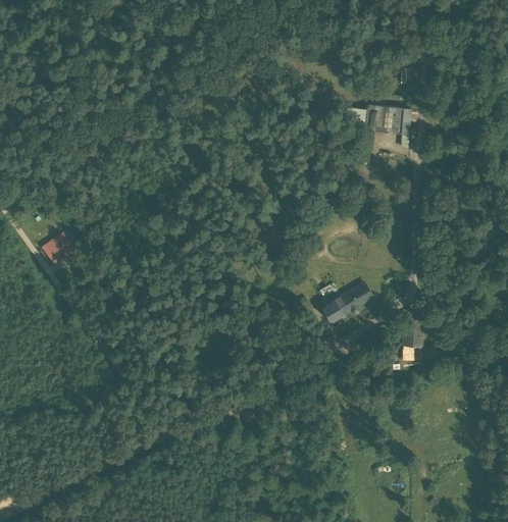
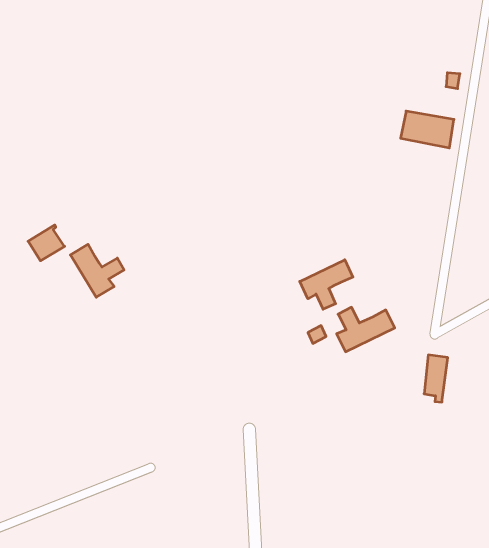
building: none -> [300,260,353,309]
building: none -> [70,244,124,297]

